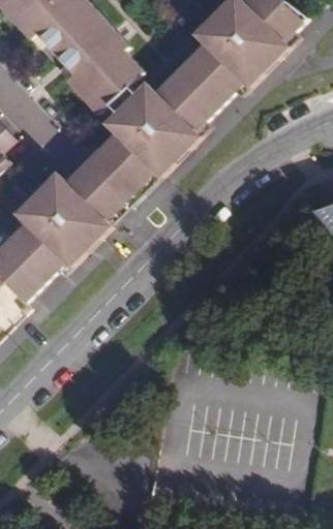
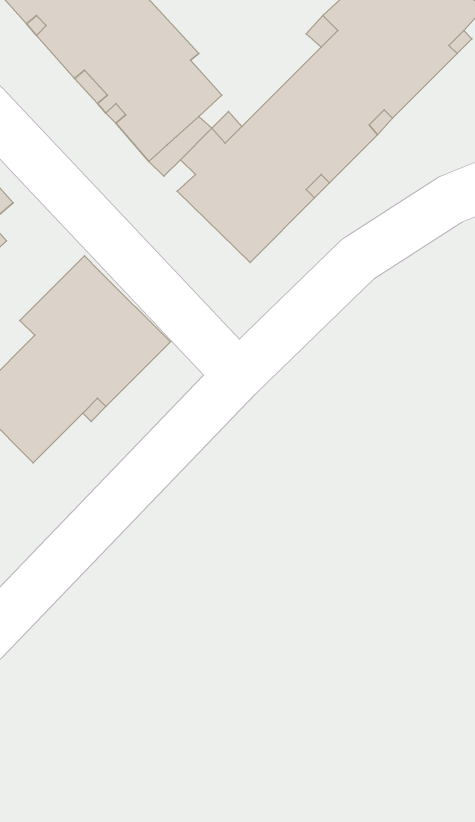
building: [64,132,158,226] -> none

